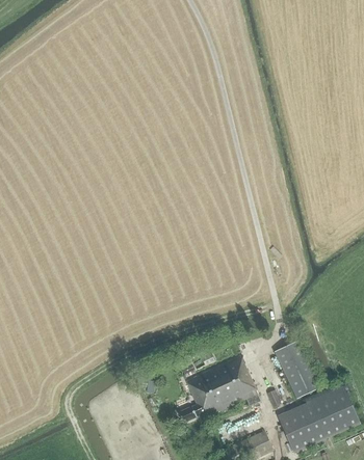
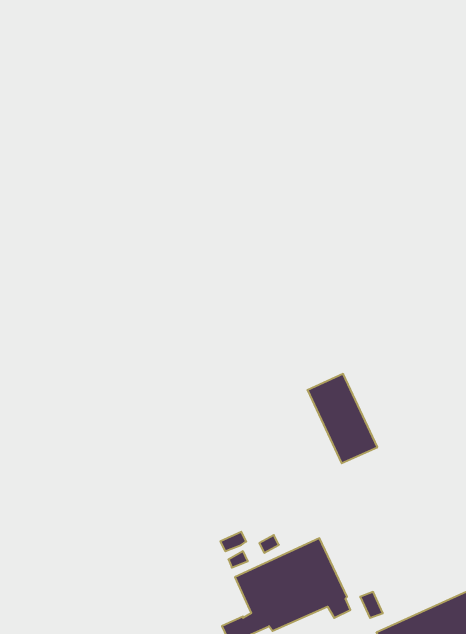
building: [274,340,318,397] -> [307,374,377,463]

